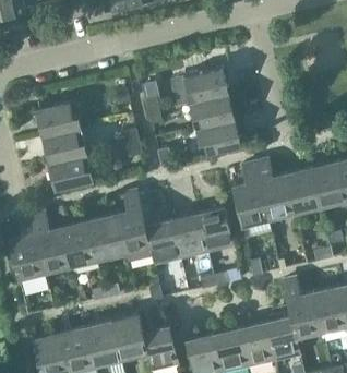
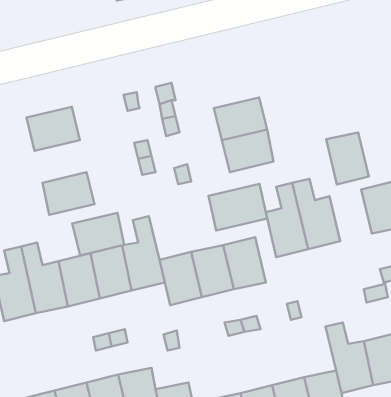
building: [184,68,227,103] -> none
building: [43,129,85,164] -> [72,213,124,256]
building: none -> [208,184,267,231]
building: [285,169,320,212] -> [326,133,369,184]

